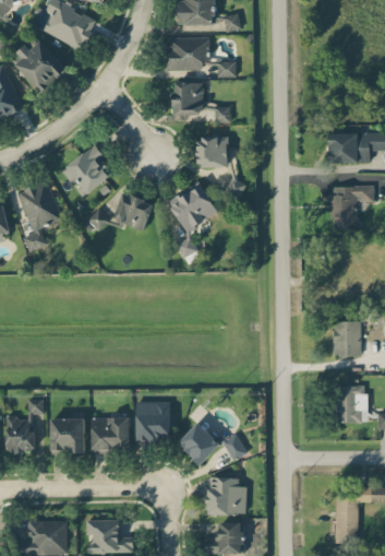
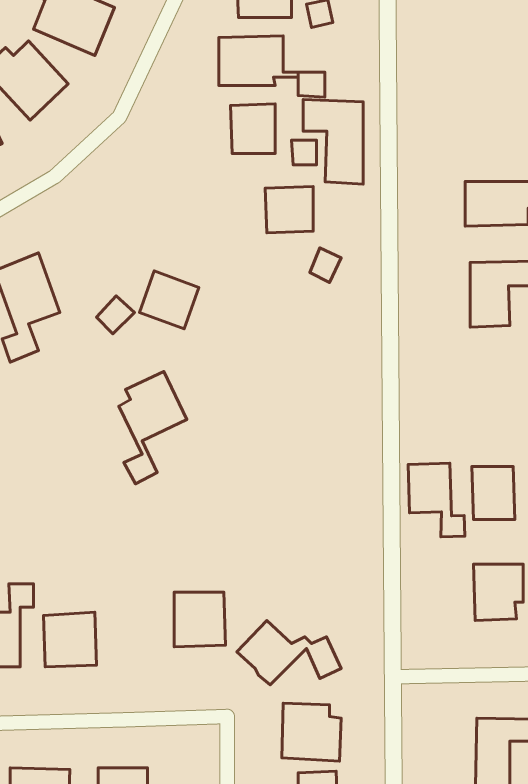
building: none -> [303,100,363,184]
building: [61,144,112,193] -> none
building: [172,184,217,258] -> [119,371,187,484]
building: none -> [408,463,465,537]
building: [92,417,130,450] -> none

